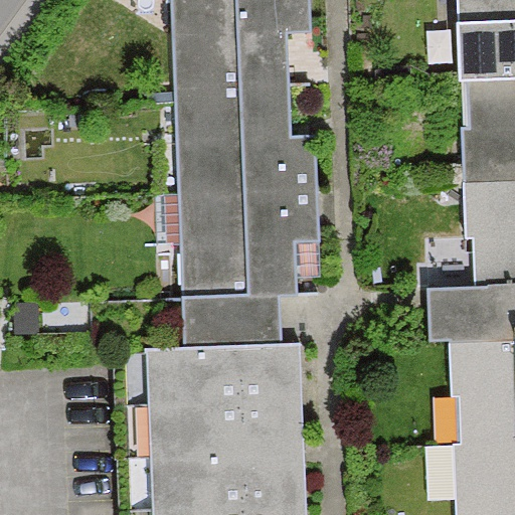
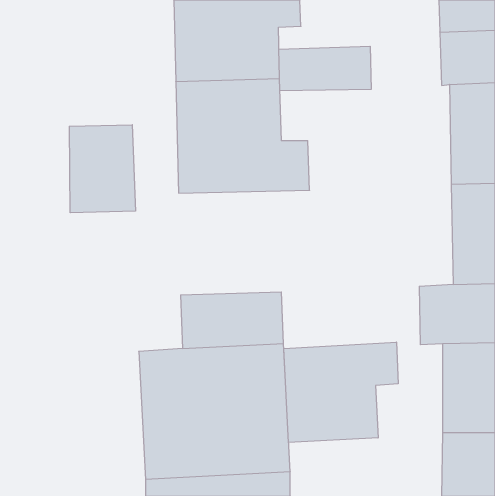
building: none -> [279,46,371,91]
building: none -> [69,125,135,213]
building: [185,197,322,306] -> none
building: none -> [284,342,398,442]

